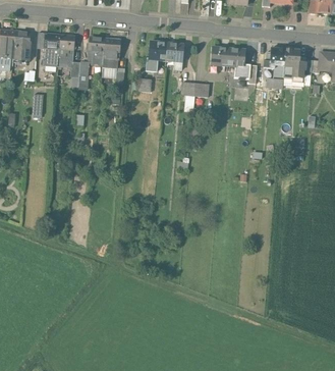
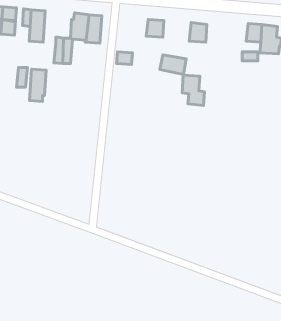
building: [58,34,75,67] -> [30,69,46,101]
building: [146,41,167,71] -> none
building: [227,48,250,80] -> [182,75,205,106]

